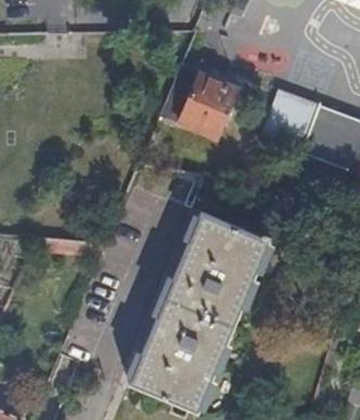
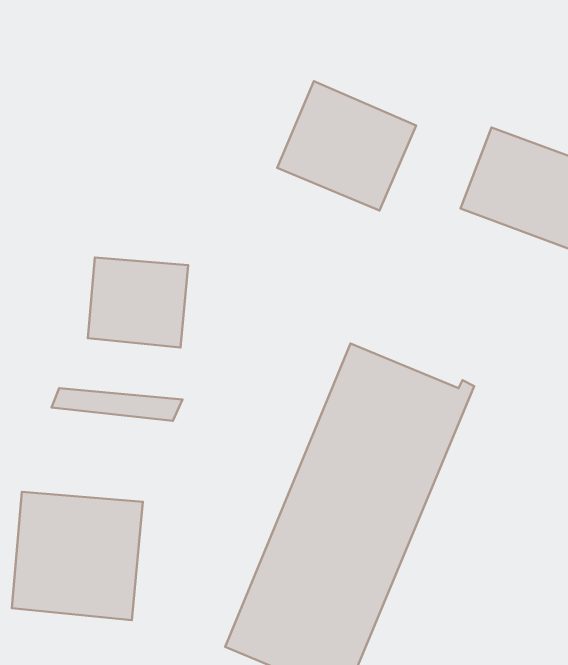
building: none -> [88,257,188,348]
building: none -> [12,492,143,620]

